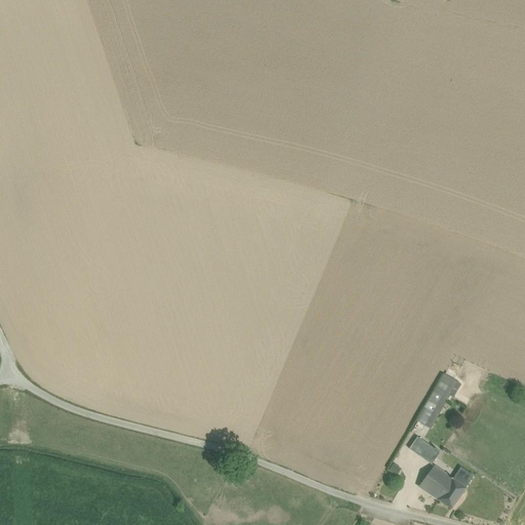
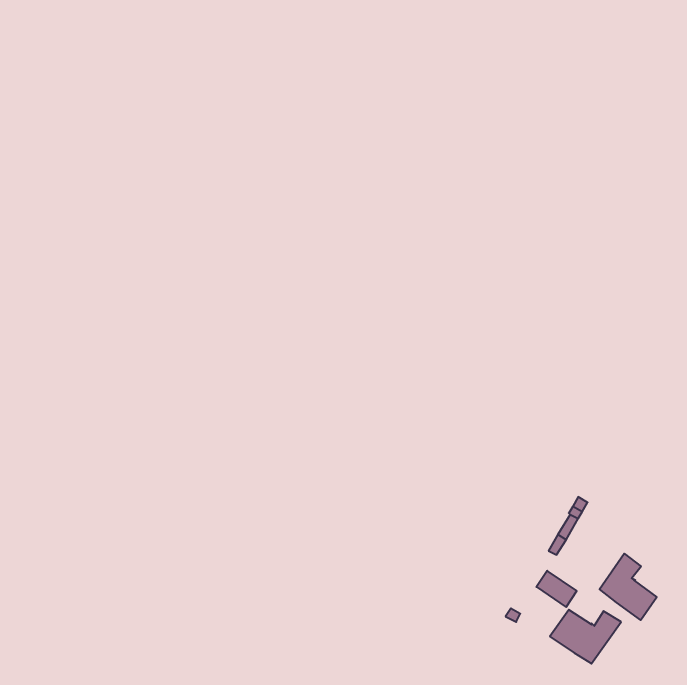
building: none -> [600,554,657,620]

